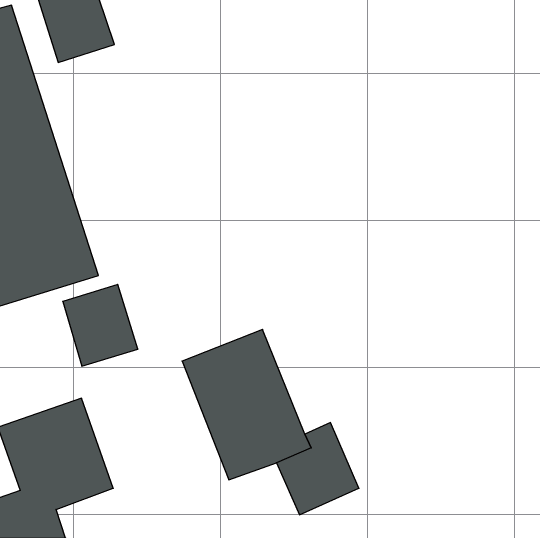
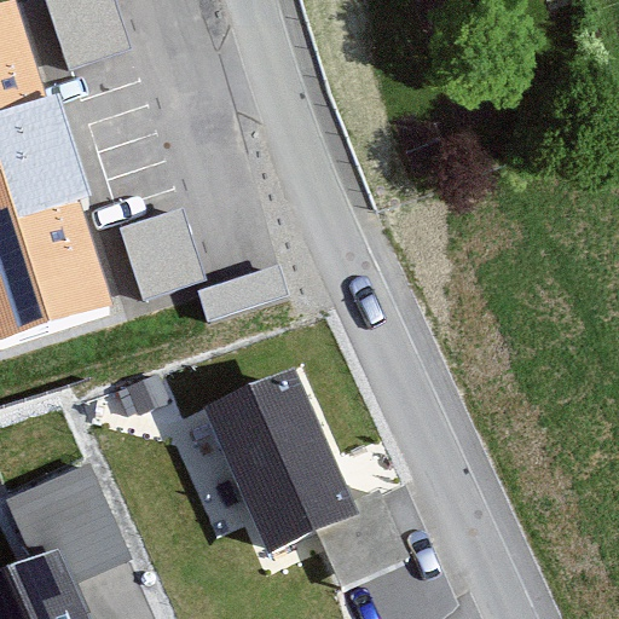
building: [63,284,138,366] -> [120,208,206,301]

